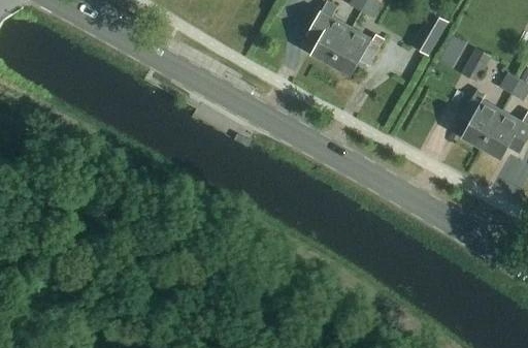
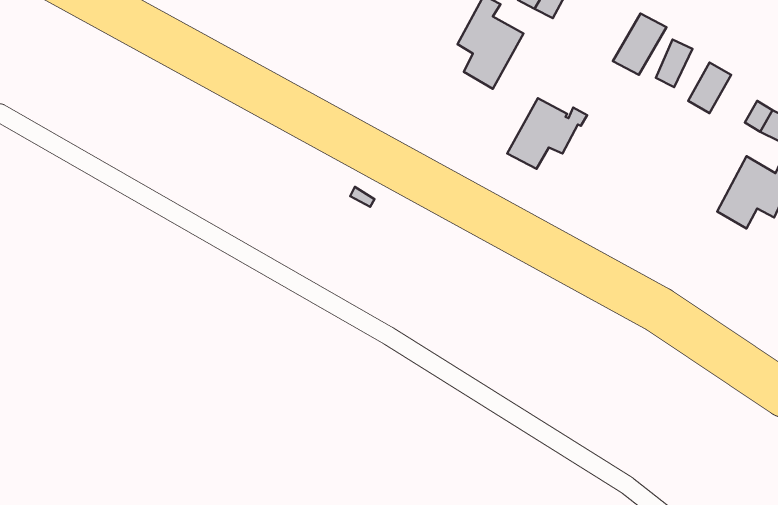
building: [332,28,386,75] -> [507,98,587,169]
building: [462,90,502,148] -> none

